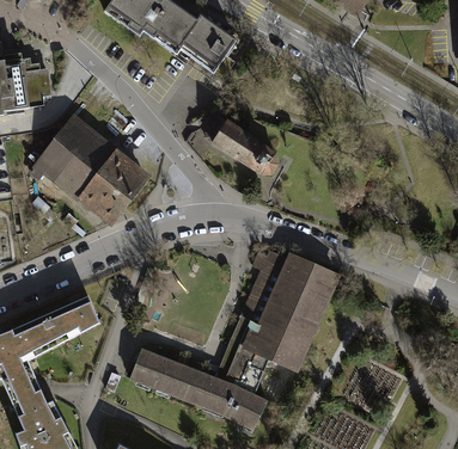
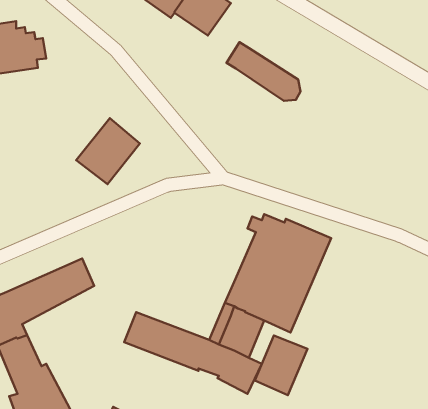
building: [203,116,277,174] -> [226,42,301,101]
building: [37,121,115,197] -> none
building: none -> [255,336,307,395]

